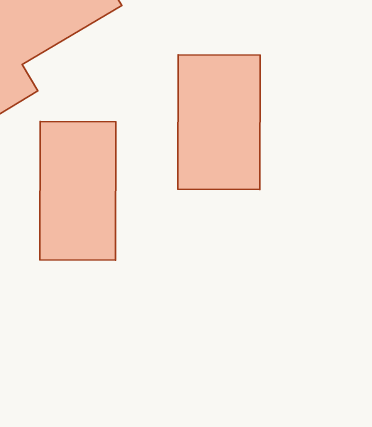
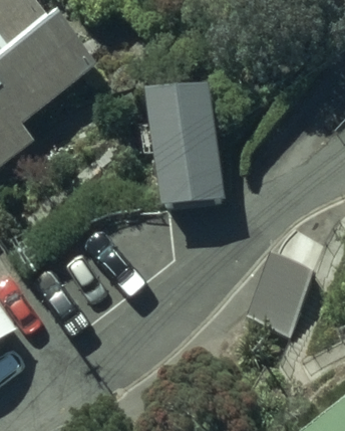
building: [40,121,116,260] -> none

